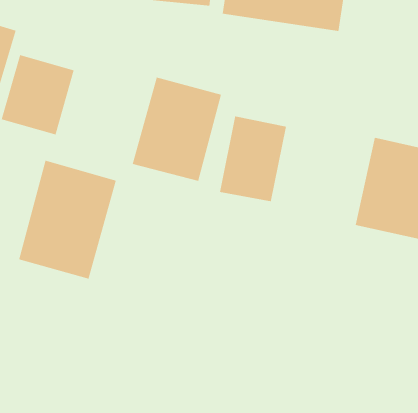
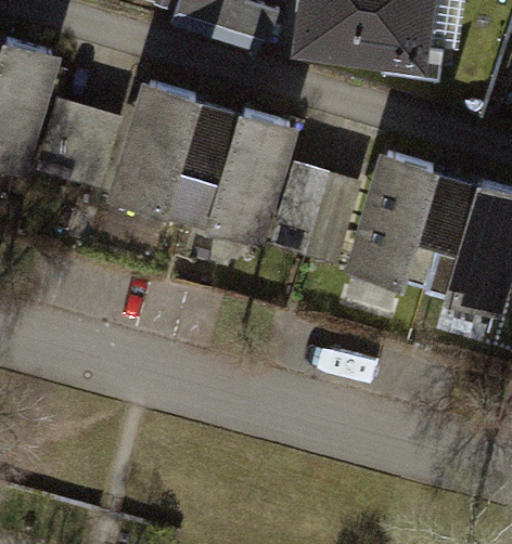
building: none -> [113,99,214,217]
building: none -> [358,169,458,285]
building: [19,160,116,279] -> none

